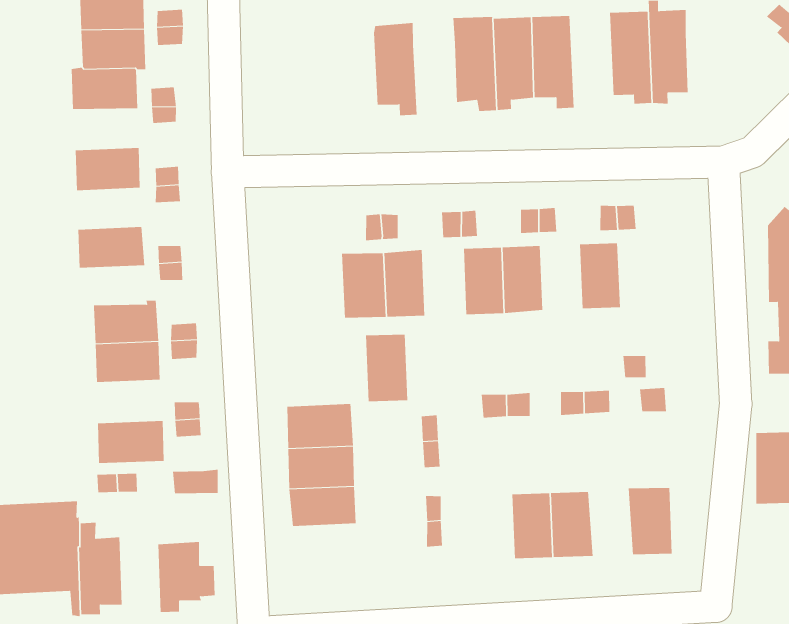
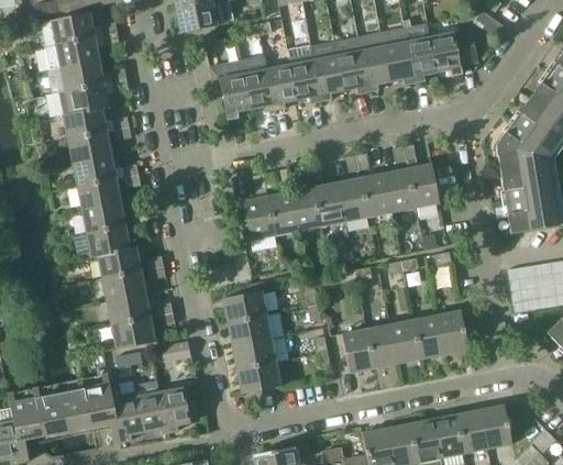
building: none -> [358,31,391,91]
building: none -> [211,65,251,119]
building: none -> [430,27,478,75]
building: none -> [267,64,298,110]
building: none -> [68,132,112,163]
building: none -> [78,179,121,210]
building: none -> [408,163,440,207]
building: none -> [362,173,393,215]
building: none -> [87,225,131,257]
building: [365,334,408,402] -> [291,186,323,230]
building: none -> [108,292,152,324]
building: none -> [413,314,445,358]
building: none -> [343,329,375,373]
building: none -> [239,361,283,394]
building: none -> [135,379,167,434]

